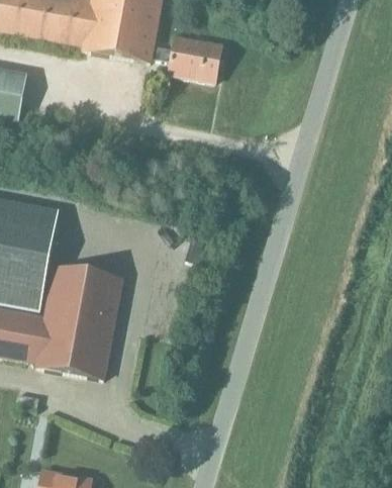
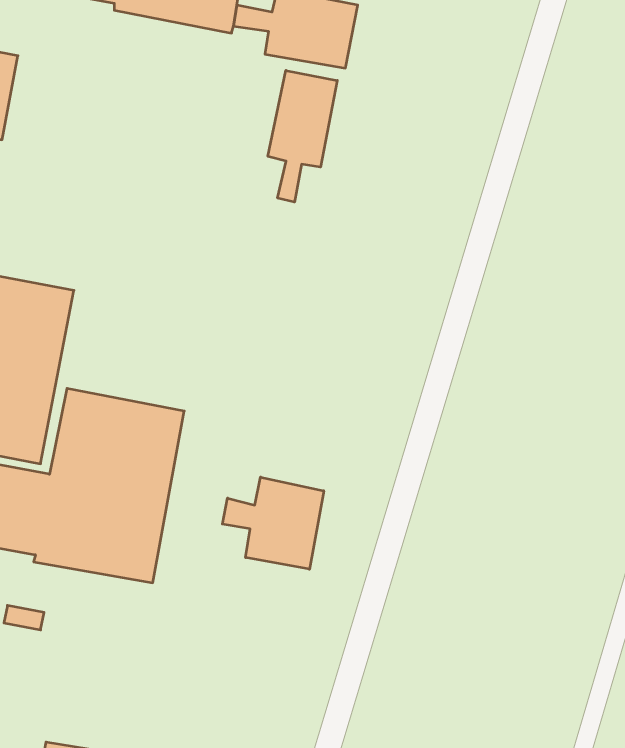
building: none -> [268,70,337,202]
building: none -> [222,477,324,569]

